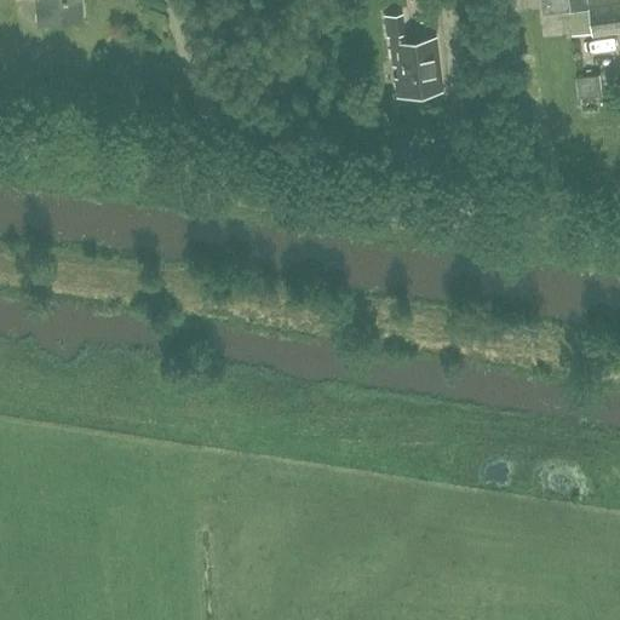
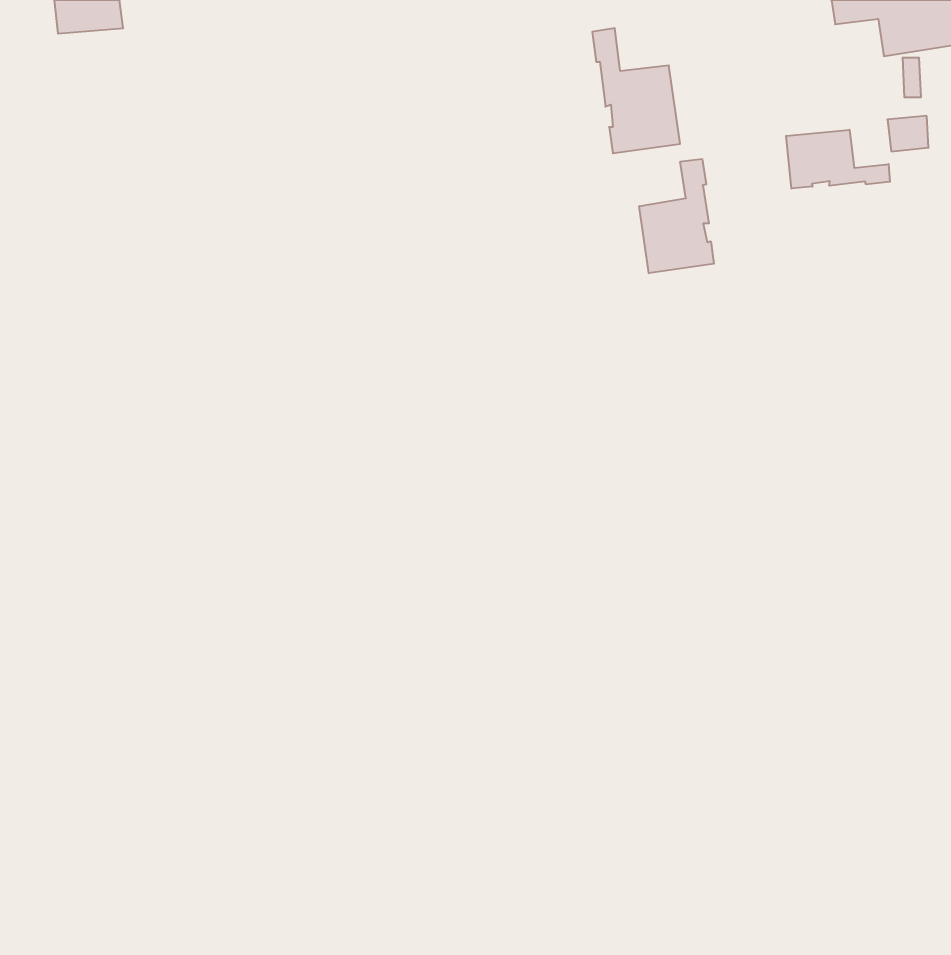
building: none -> [786,130,890,189]
building: none -> [639,159,714,273]

